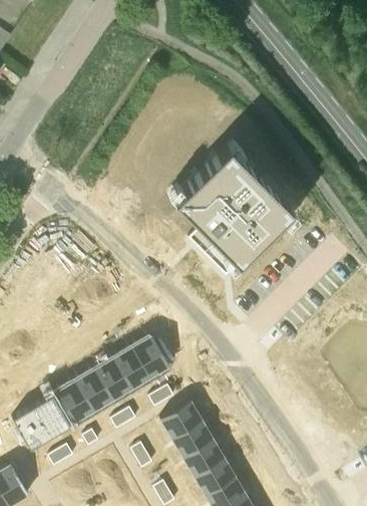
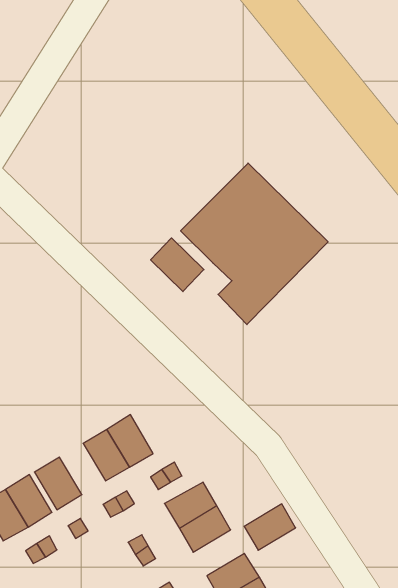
building: none -> [151,238,204,292]
building: [132,334,169,376] -> none
building: [75,368,112,410] -> none
building: [182,438,224,475] -> [244,504,296,550]

